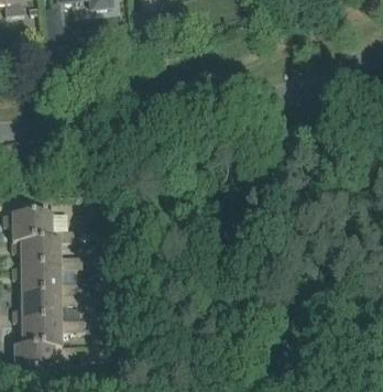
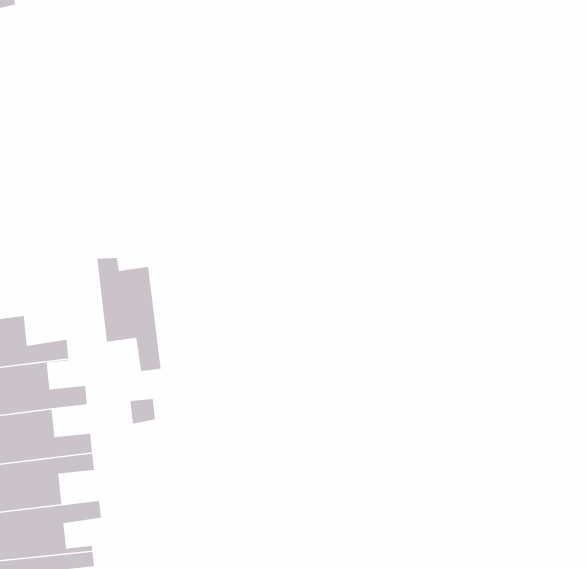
building: none -> [96,257,161,372]

